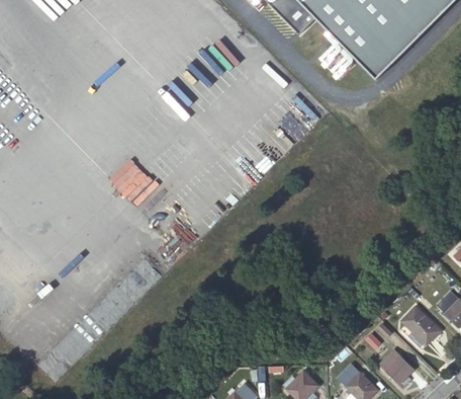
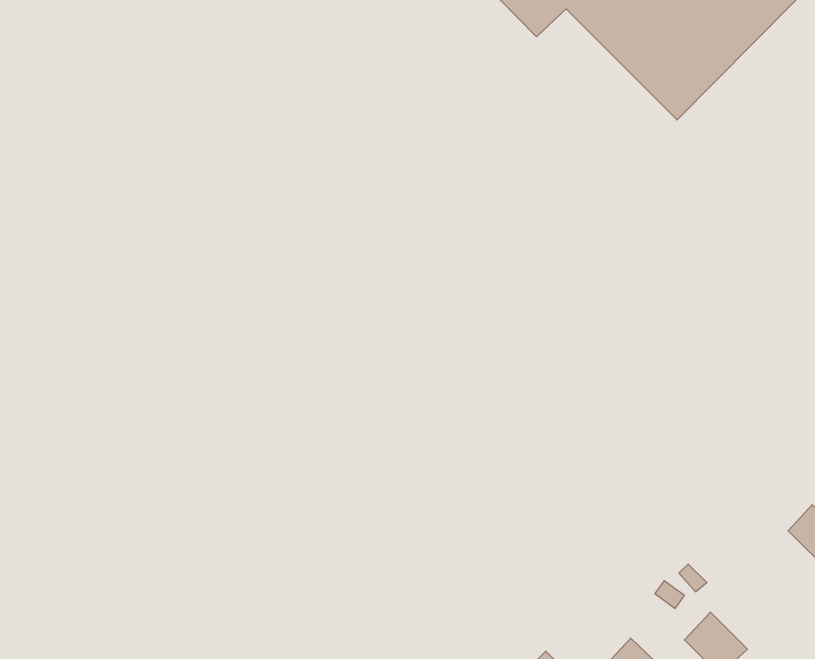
building: [403,305,442,343] -> none

